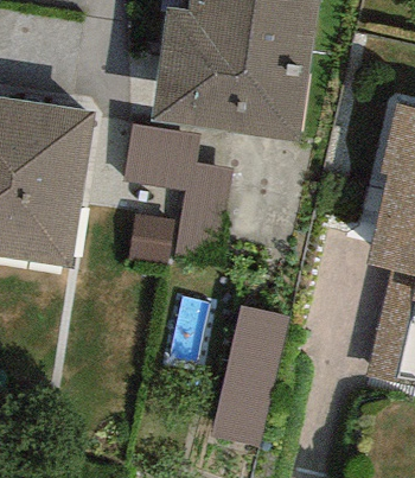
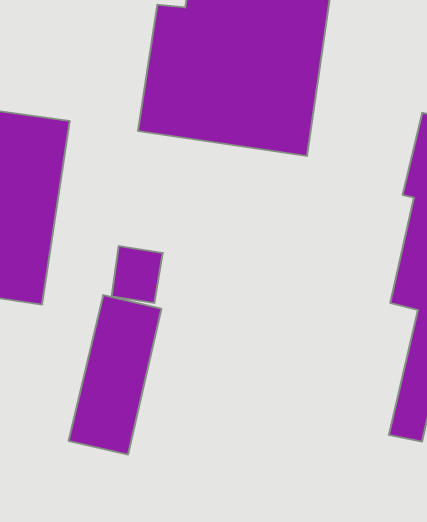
building: [126,128,230,261] -> none
building: [210,308,289,445] -> [69,295,161,455]

